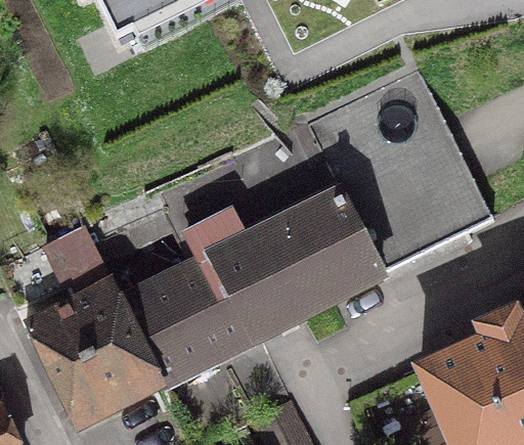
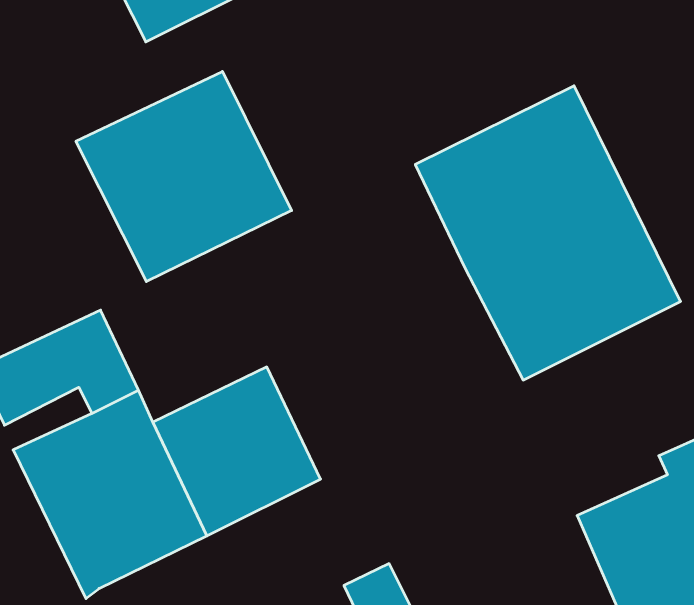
building: none -> [76,71,292,282]
building: [187,191,382,340] -> none

